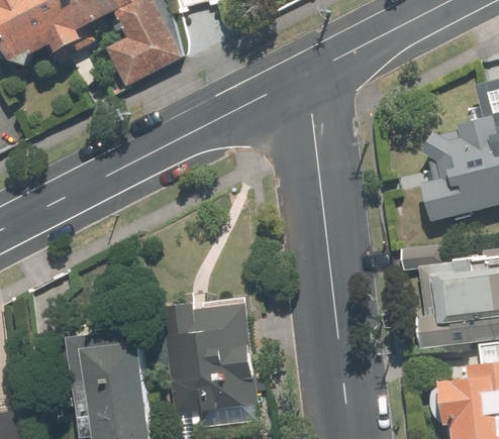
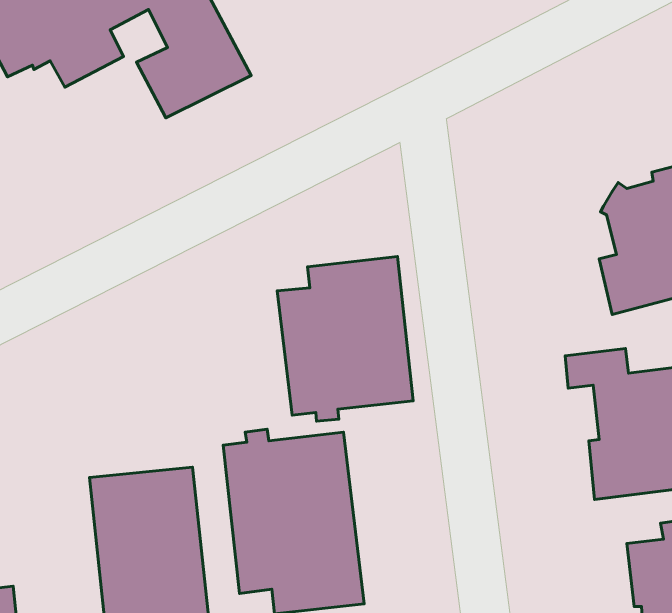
building: none -> [277,256,413,421]

